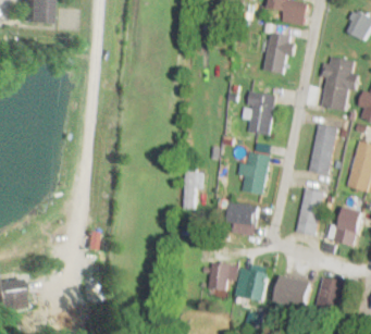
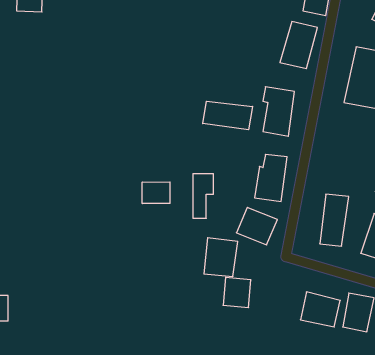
building: none -> [203,101,253,130]
building: [308,124,335,175] -> none
building: none -> [142,182,170,204]
building: [238,267,269,301] -> [204,238,238,276]

